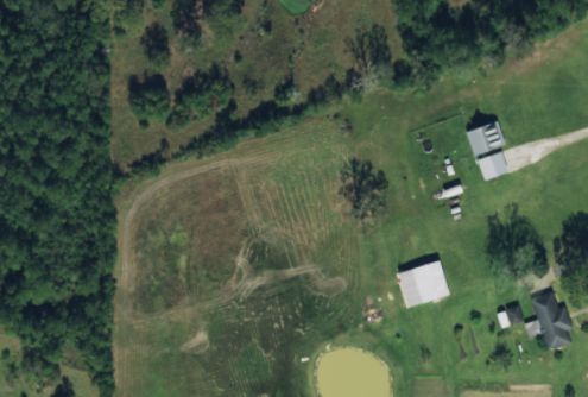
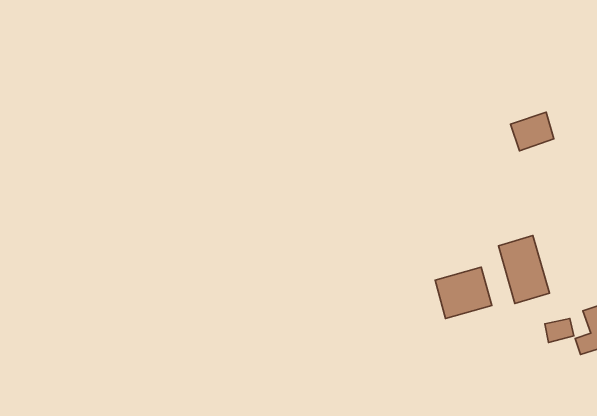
building: [478,152,508,181] -> none
building: none -> [498,235,549,304]

